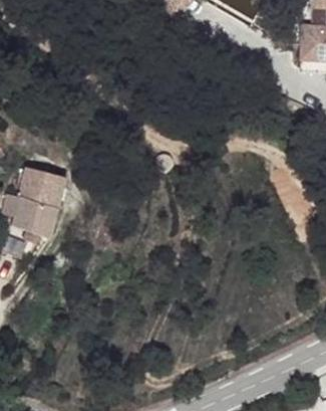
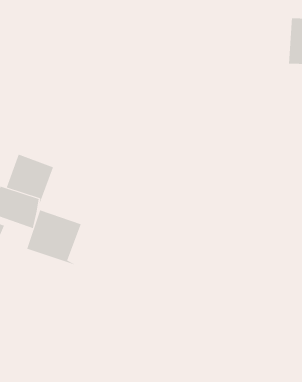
building: none -> [27,210,82,268]

